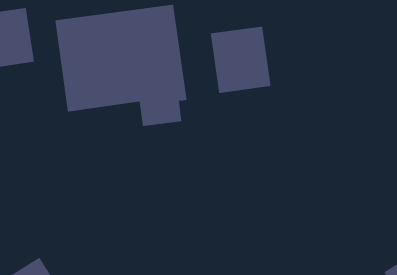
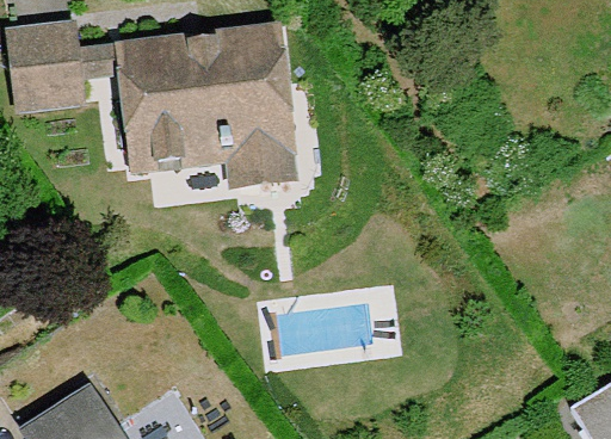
building: [210,26,271,94] -> none

